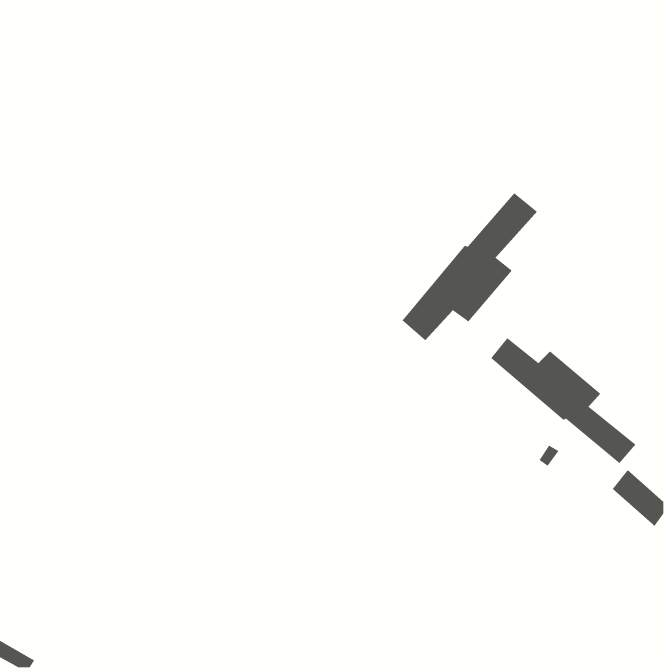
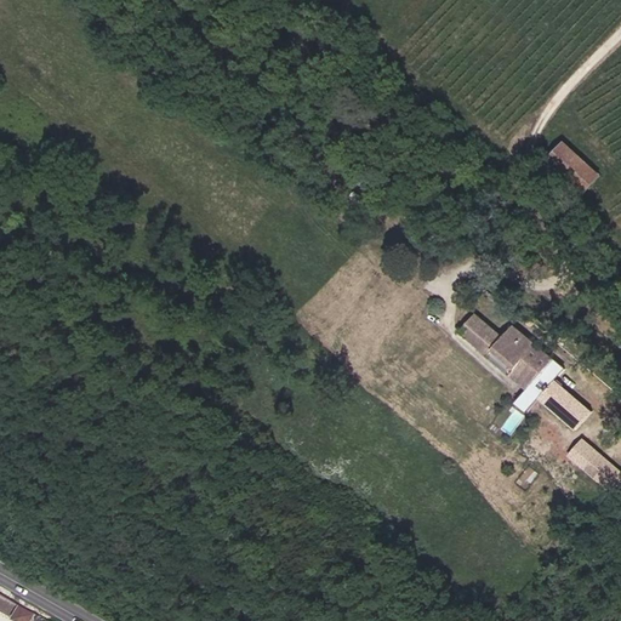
building: none -> [548,142,599,192]
building: [401,192,538,341] -> none

